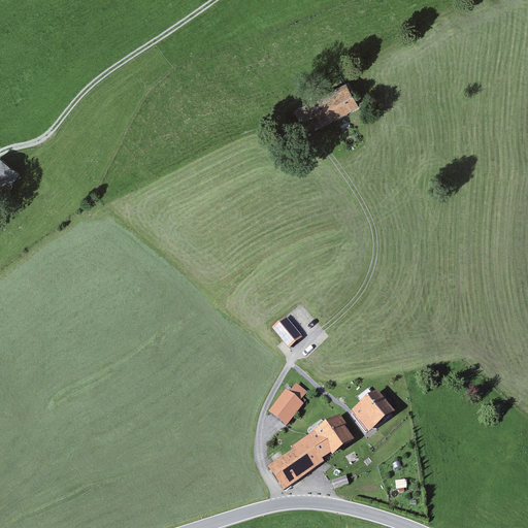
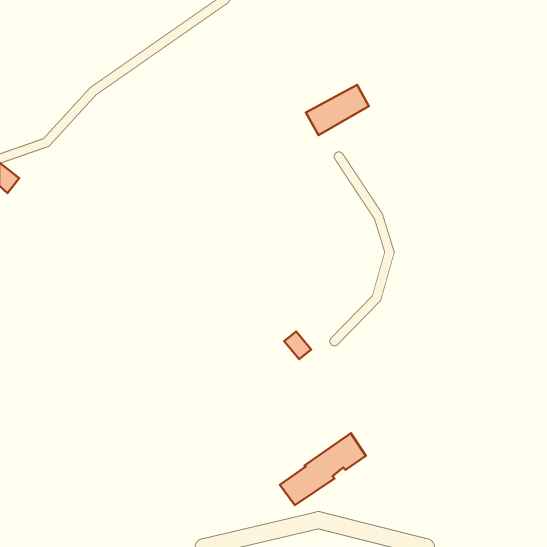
building: [270,384,304,423] -> none
building: [353,392,391,429] -> none

